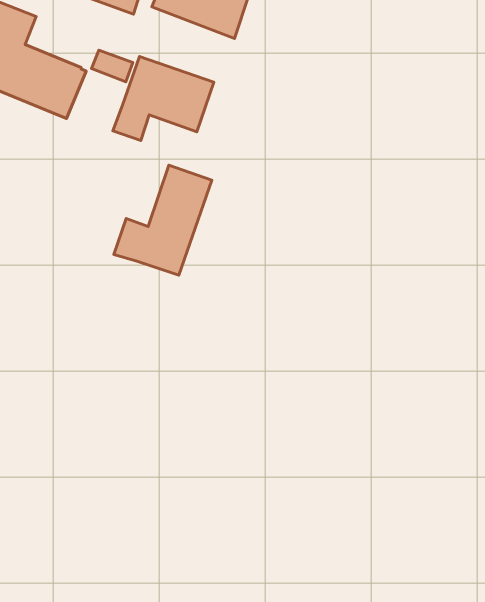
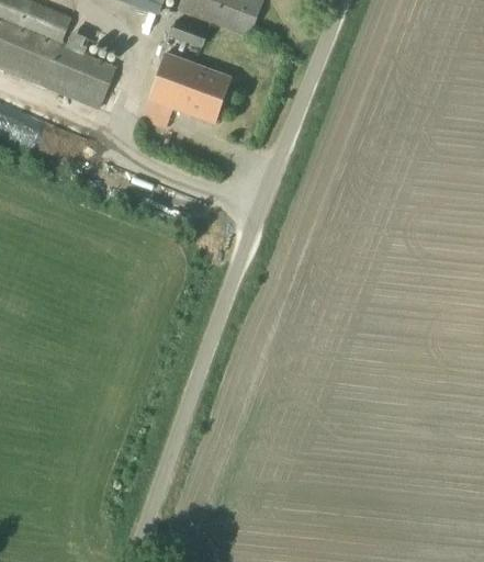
building: [92,50,133,82] -> [169,18,206,46]
building: [114,165,212,275] -> none

